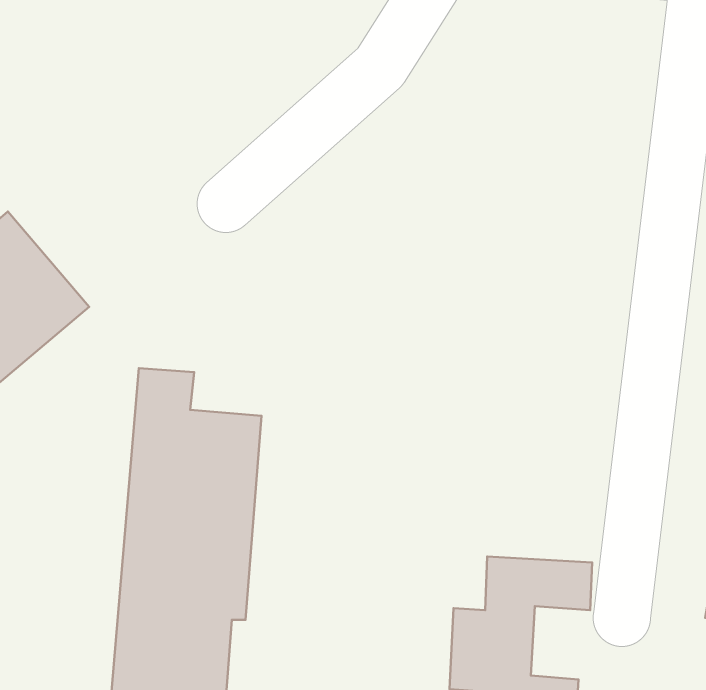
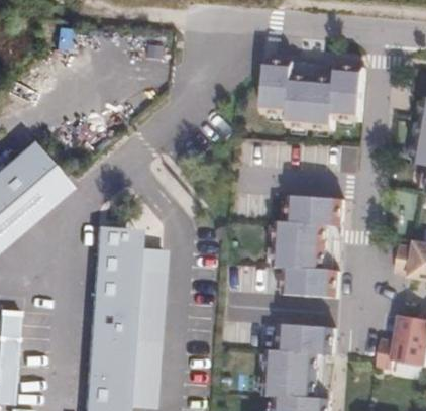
building: none -> [260,60,361,131]
building: none -> [269,196,342,294]

